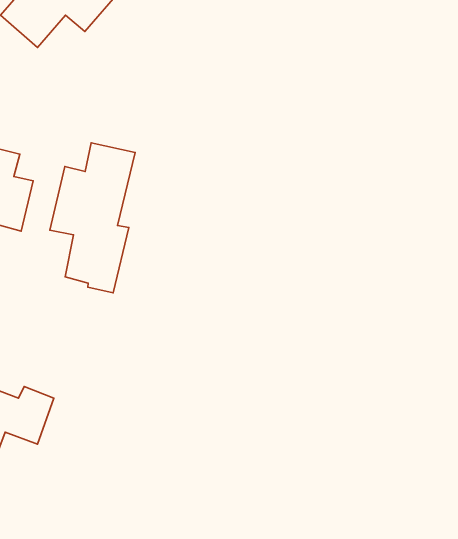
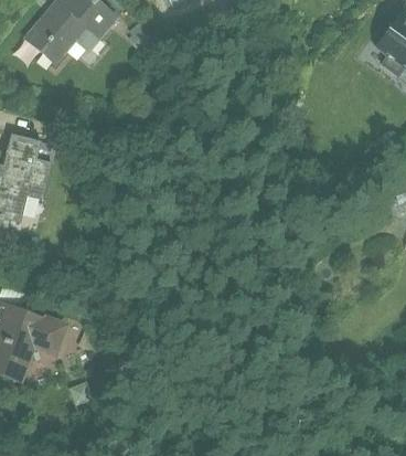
building: [50,143,135,293] -> none

